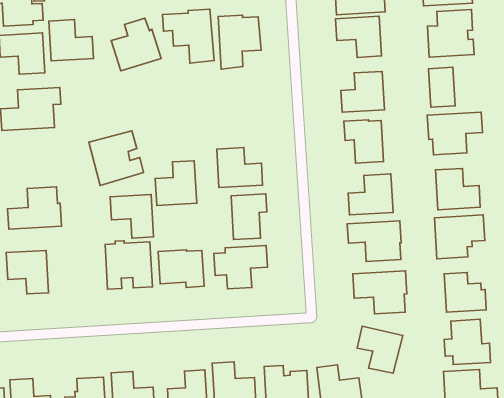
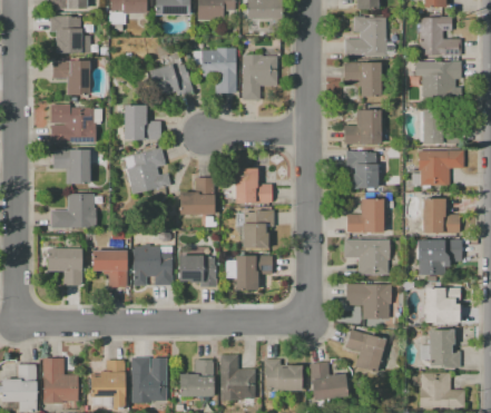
building: [49,20,93,61] -> [124,105,160,139]
building: none -> [52,149,89,184]
building: [110,194,154,238] -> [91,250,127,287]

